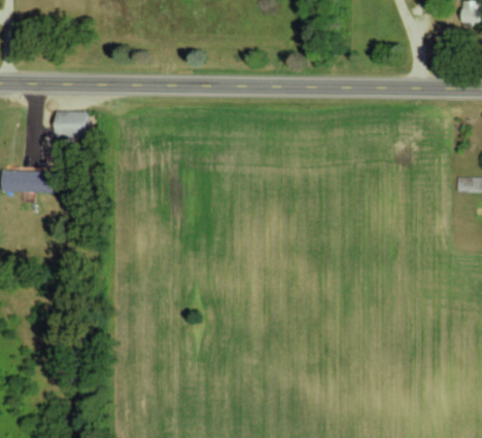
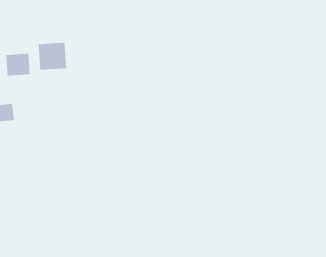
building: none -> [38,42,67,71]

